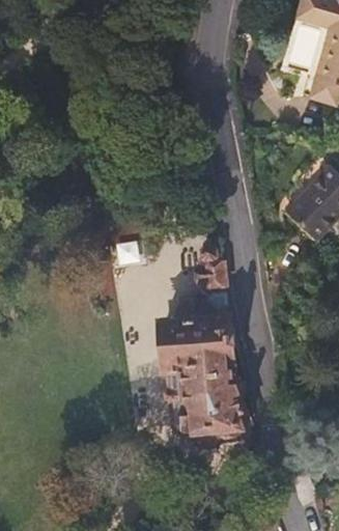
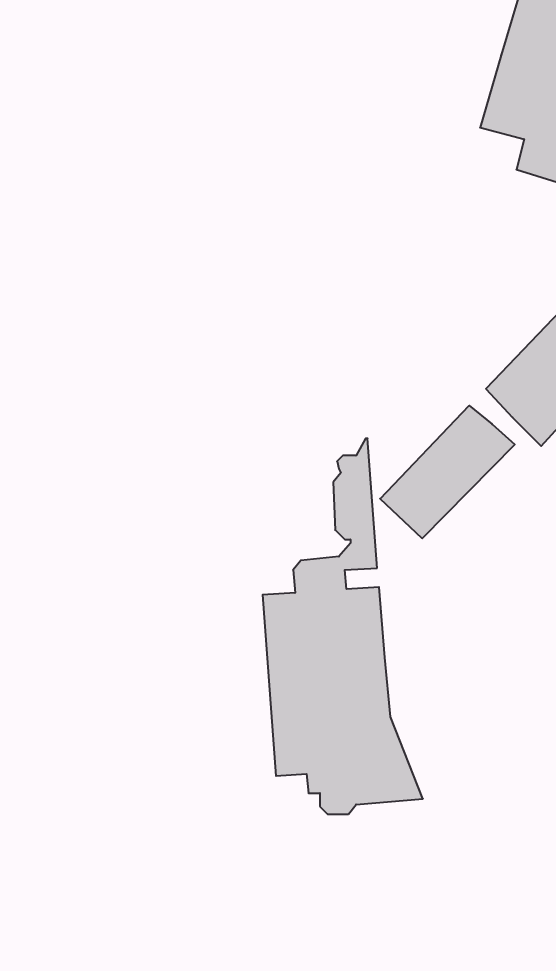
building: none -> [380,406,515,538]

